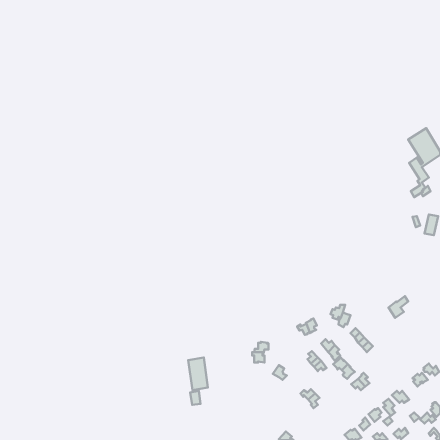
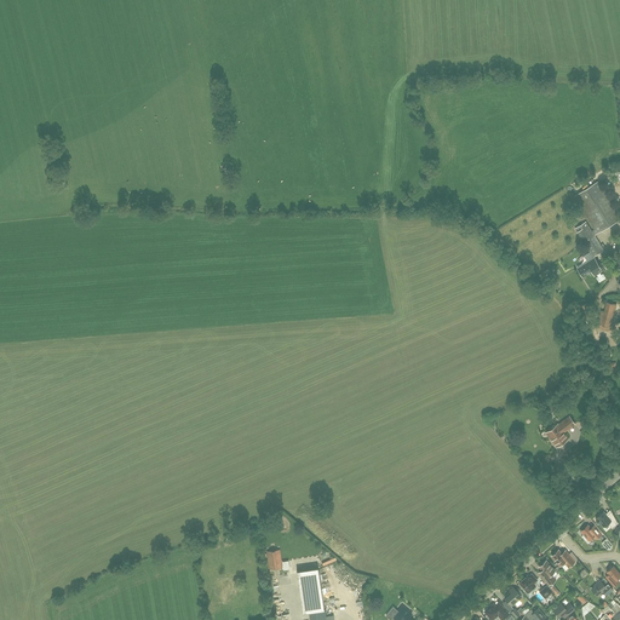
building: [188,358,208,390] -> [297,567,325,613]

